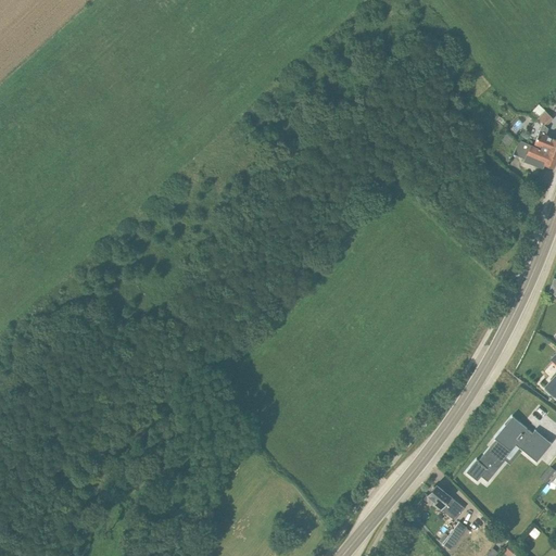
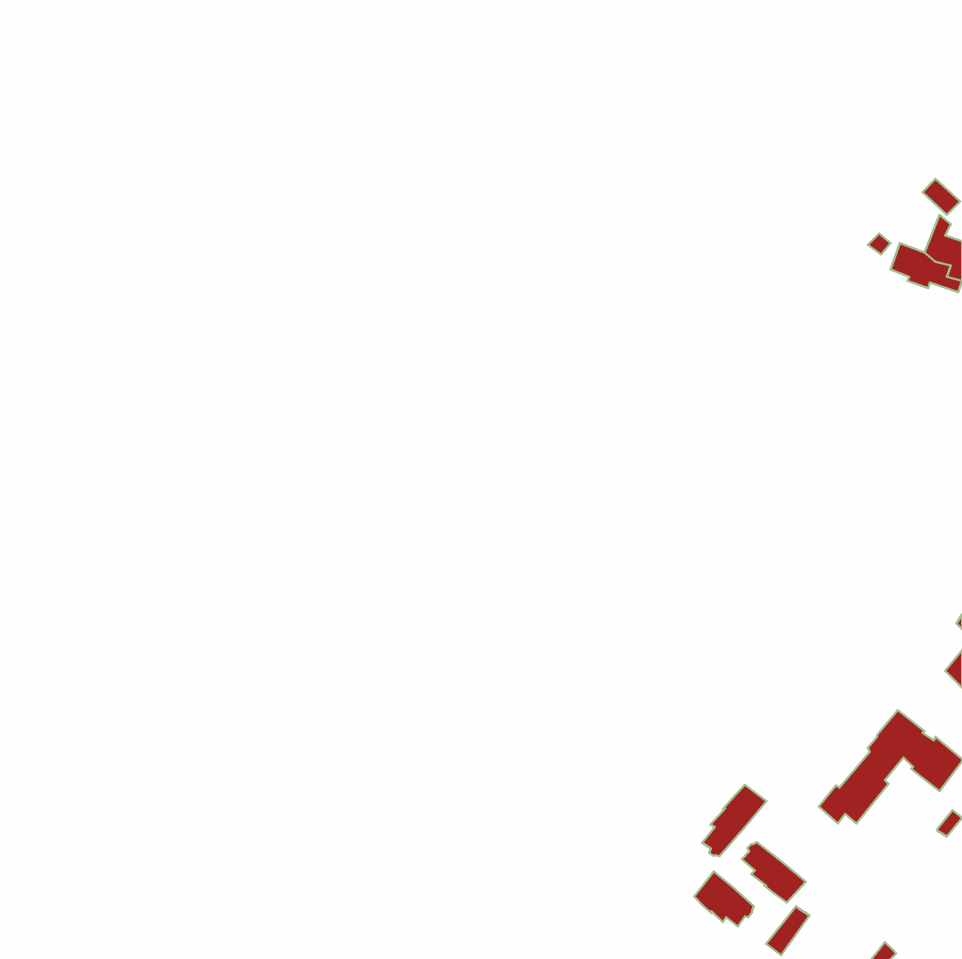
building: none -> [702,785,767,856]
building: none -> [694,871,754,926]

